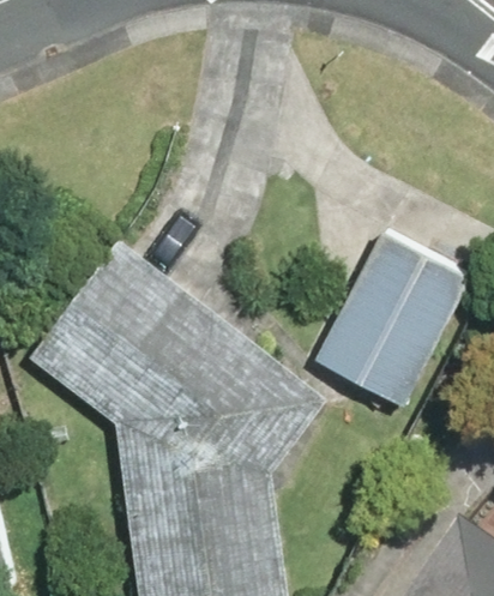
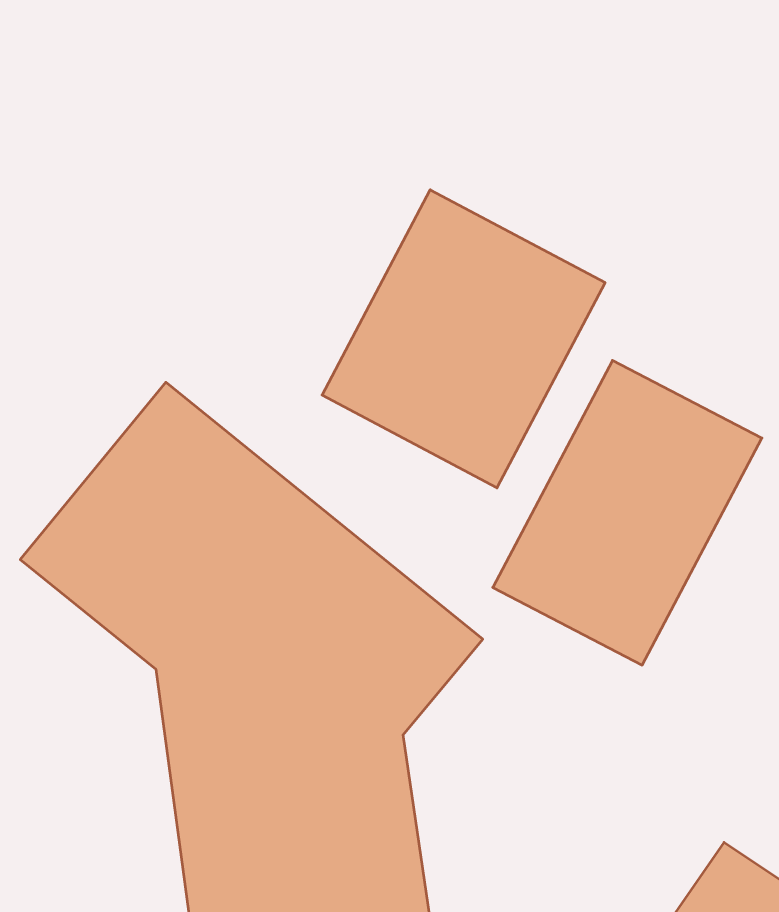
building: none -> [322,190,605,488]

